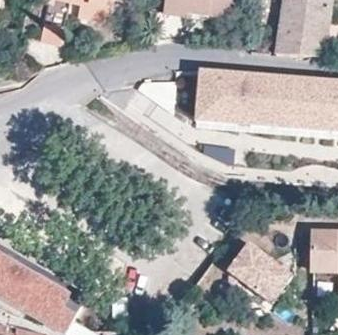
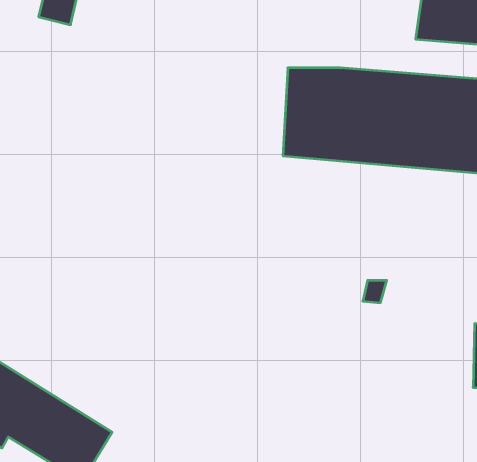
building: [227,243,292,303] -> none

